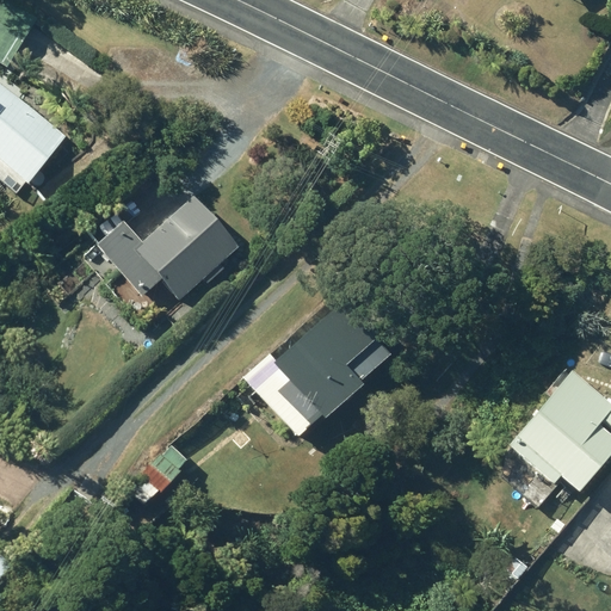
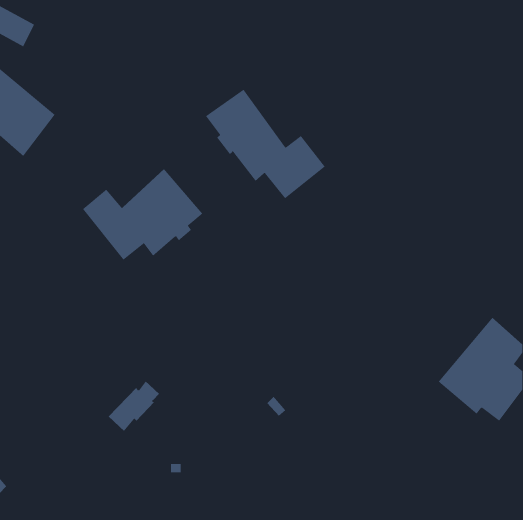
building: none -> [205,89,325,199]
building: [241,302,390,437] -> none

